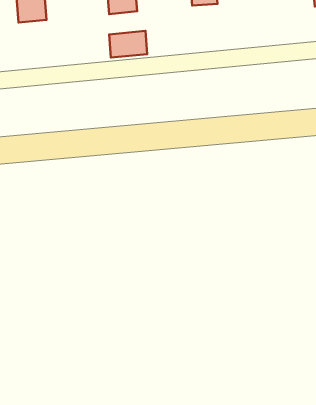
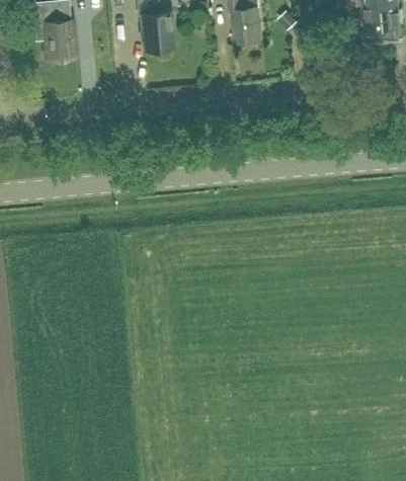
building: [109,31,147,58] -> none

